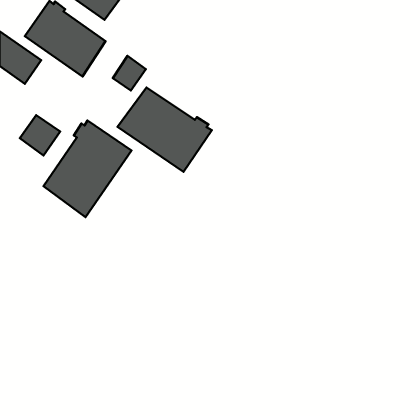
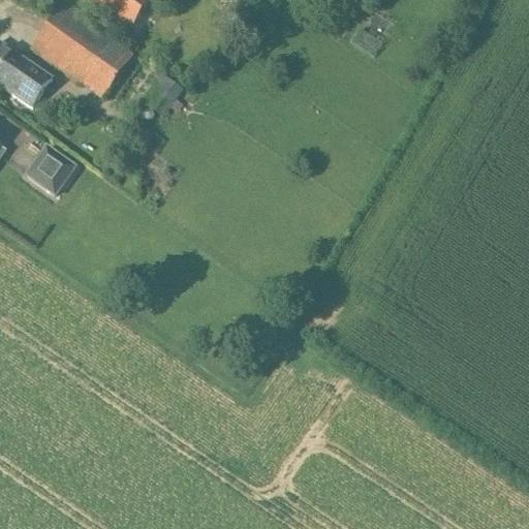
building: [118,87,212,172] -> none
building: [43,120,131,217] -> none

